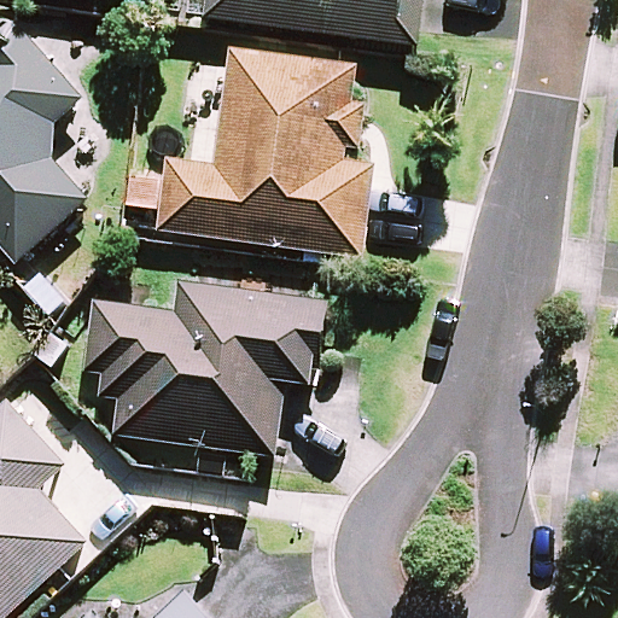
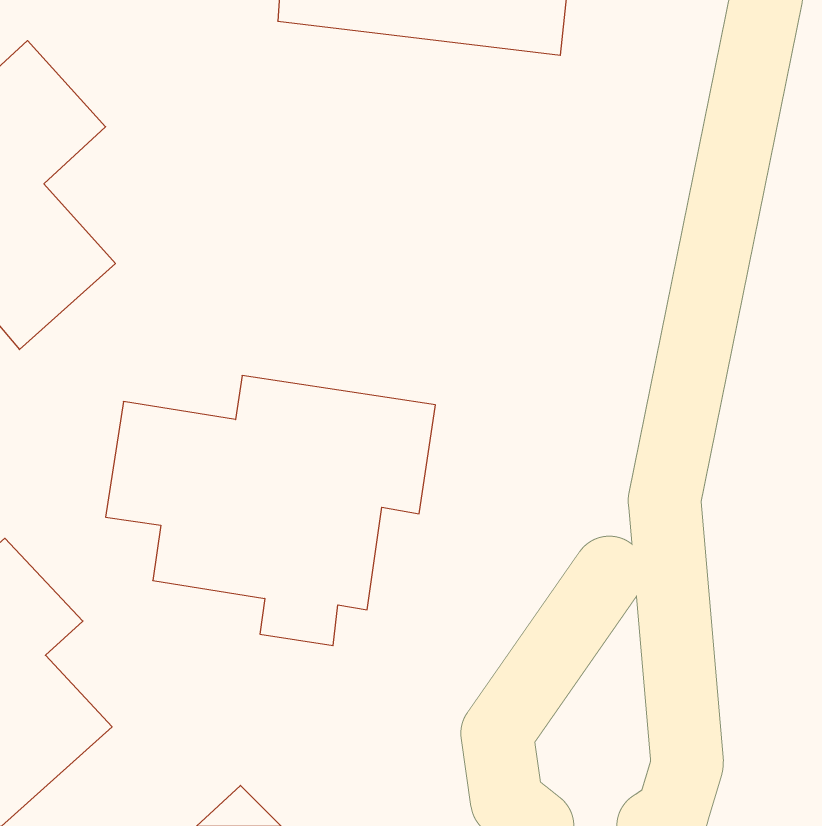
building: [157,47,371,253] -> none

